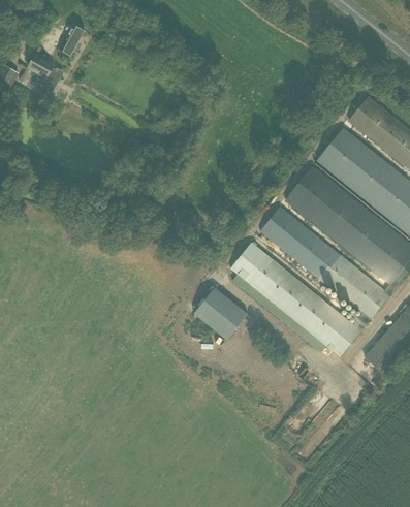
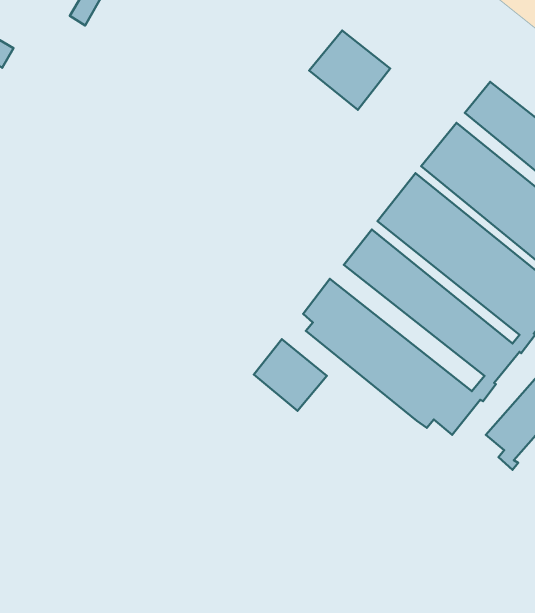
building: [27,52,60,90] -> none
building: none -> [309,31,390,110]

